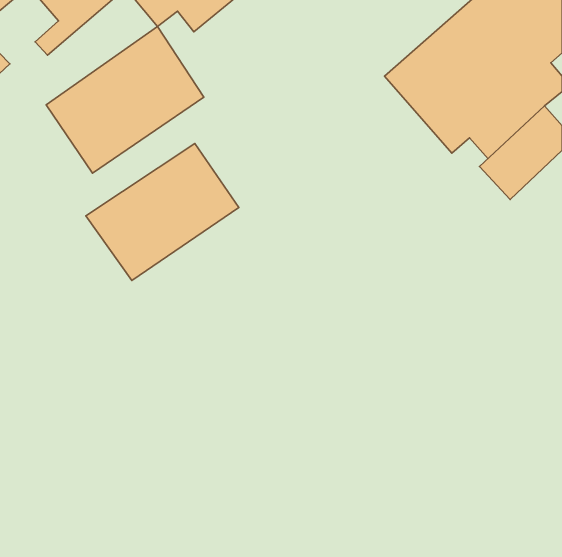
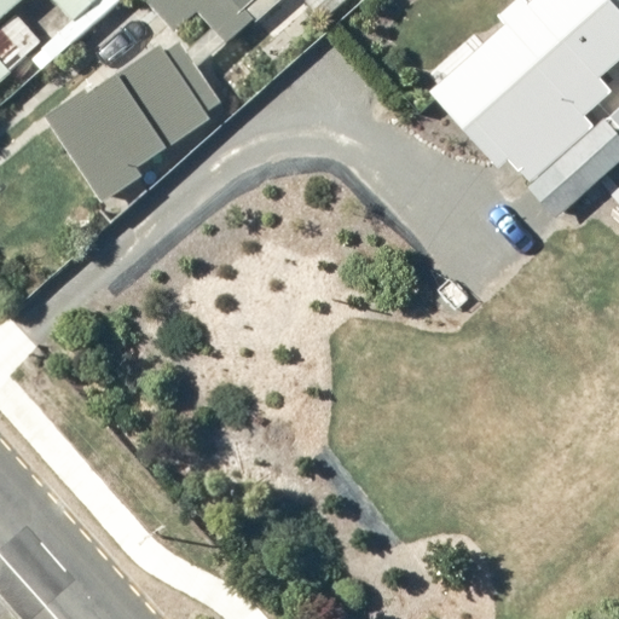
building: [86,143,239,281] -> none

